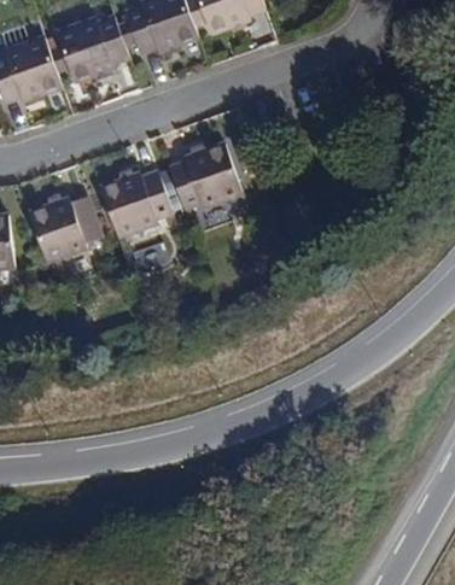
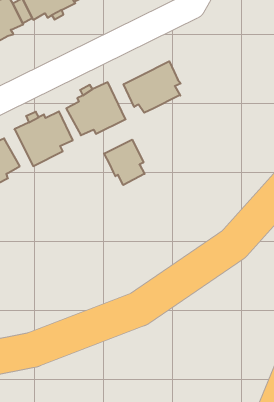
building: none -> [124,61,181,113]
building: none -> [104,140,145,185]

